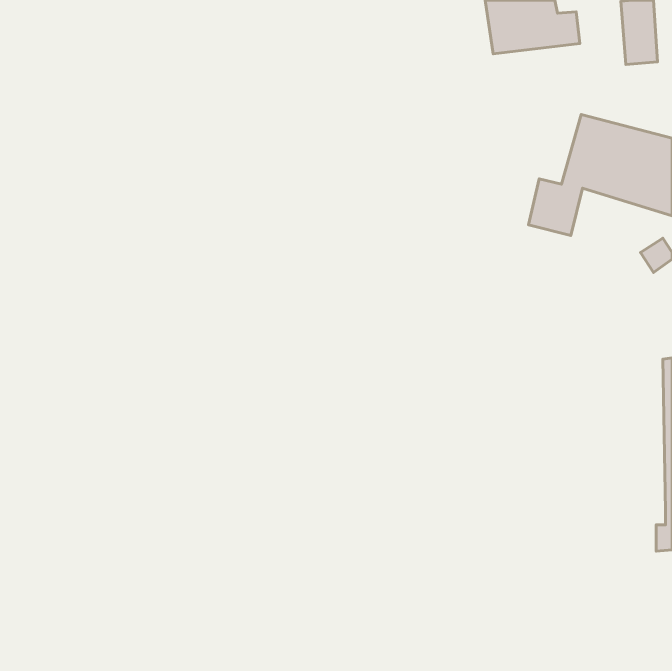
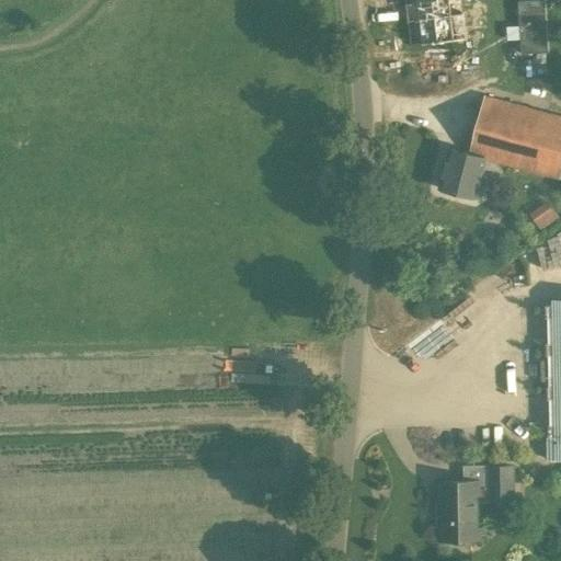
building: none -> [438,467,512,541]

